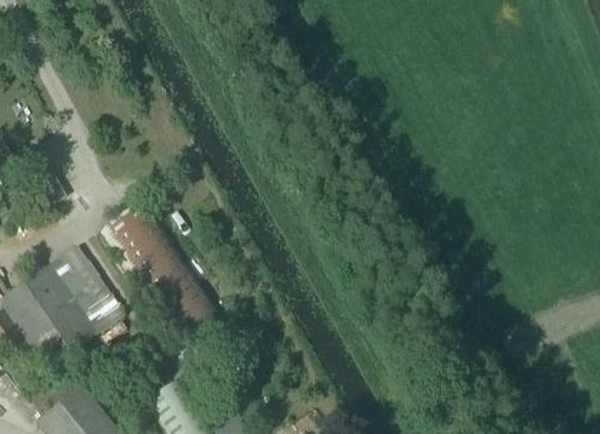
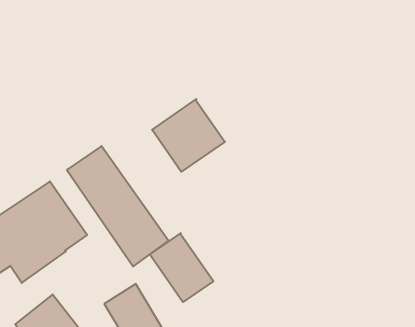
building: none -> [152,99,225,172]
building: none -> [150,233,213,302]

